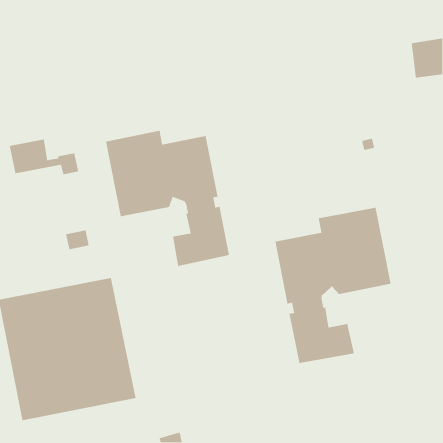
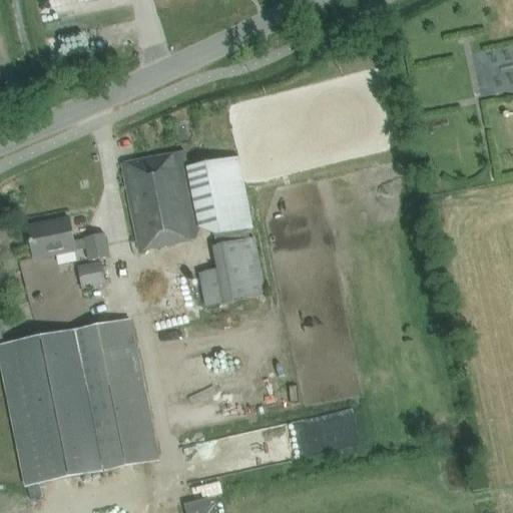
building: [9,139,79,175] -> [26,216,107,259]
building: [274,207,392,364] -> none

